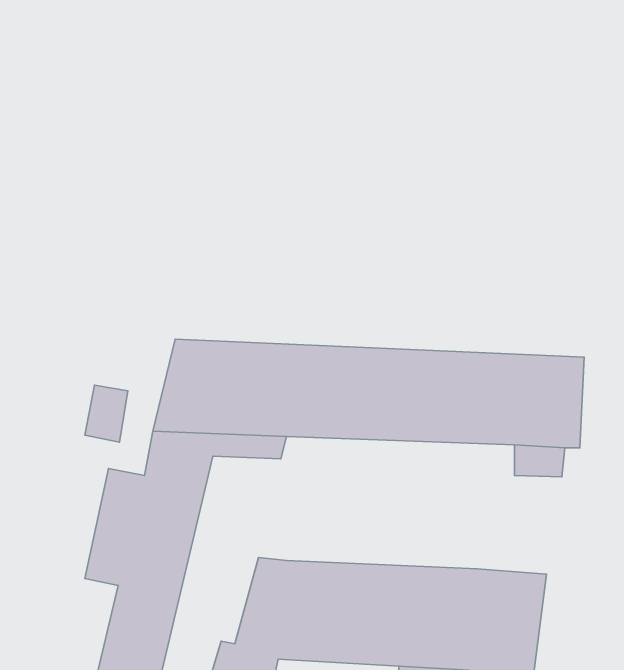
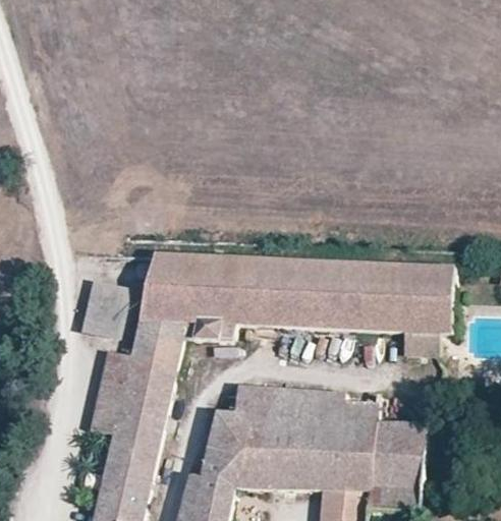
building: none -> [236,387,376,421]

